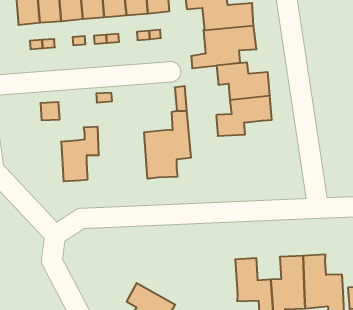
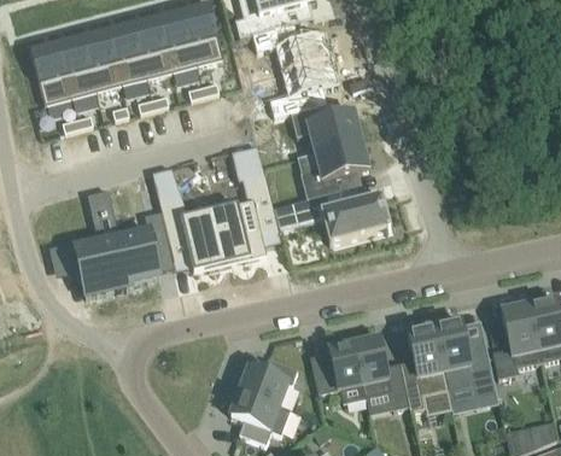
building: none -> [160,198,232,273]
building: none -> [294,183,391,242]
building: none -> [69,236,132,296]
building: none -> [312,343,366,401]
building: none -> [240,358,298,405]

